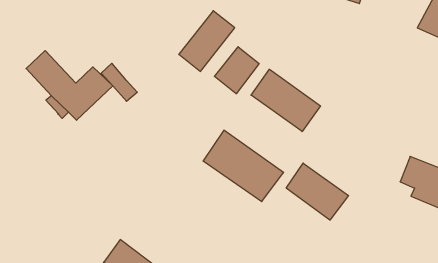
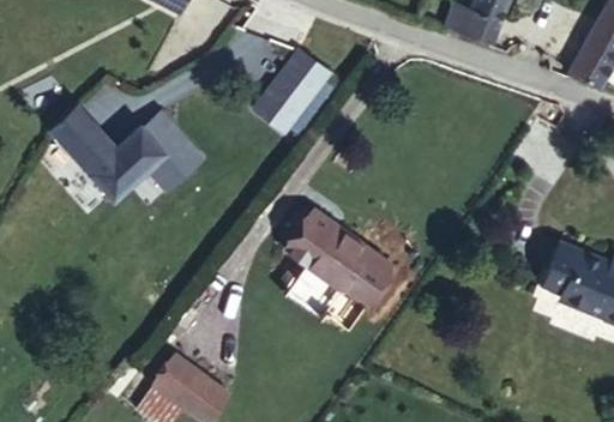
building: [214,47,259,94] -> none
building: [251,69,320,132] -> none
building: [286,163,348,220] -> none

